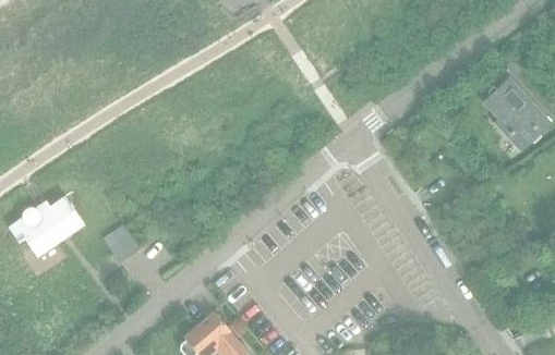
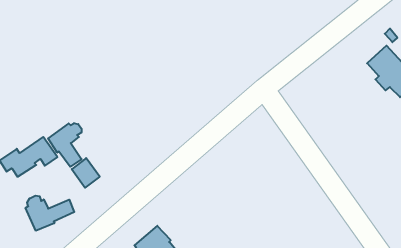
building: none -> [48,123,82,167]
building: none -> [26,196,74,231]

